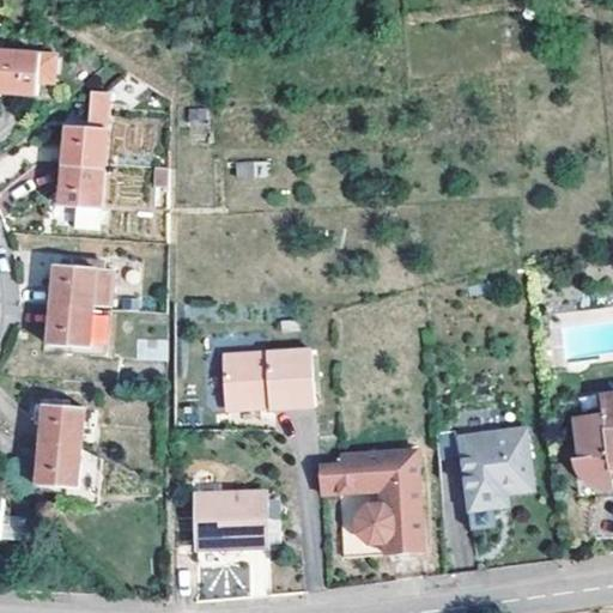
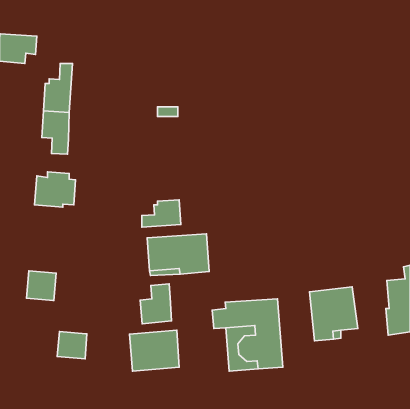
building: none -> [142,200,181,227]
building: [49,305,109,346] -> none
building: none -> [140,284,172,324]
building: [36,444,80,485] -> [57,332,87,359]

